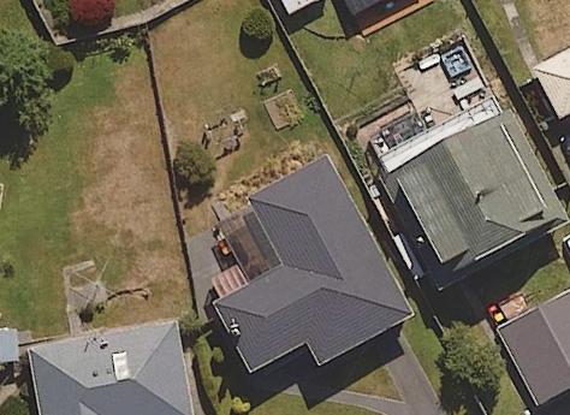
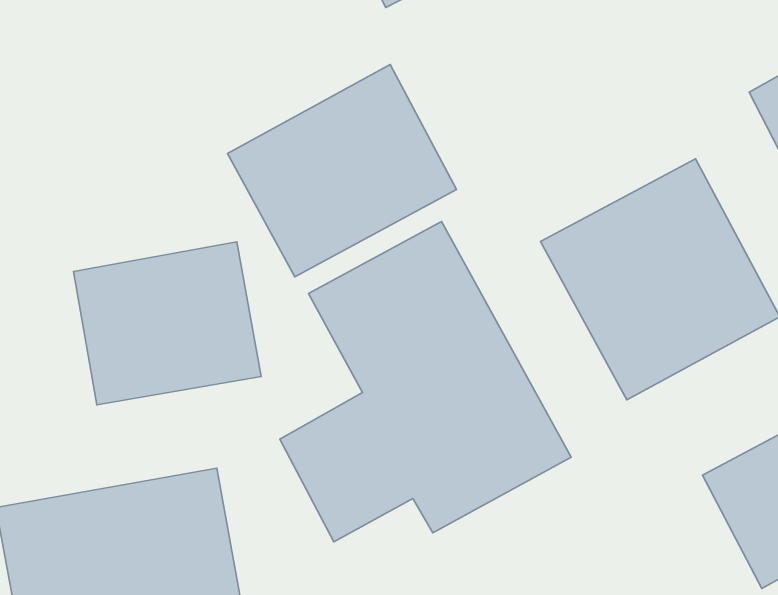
building: none -> [227,65,456,277]
building: none -> [74,242,261,405]

